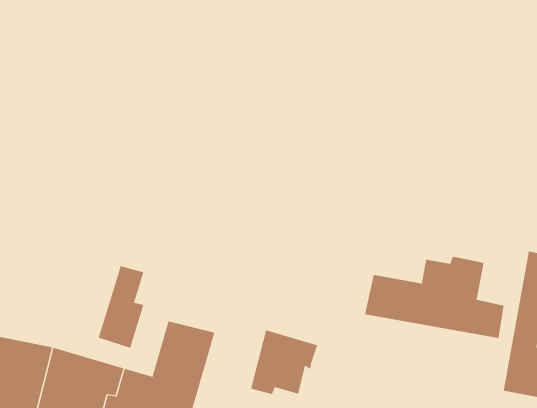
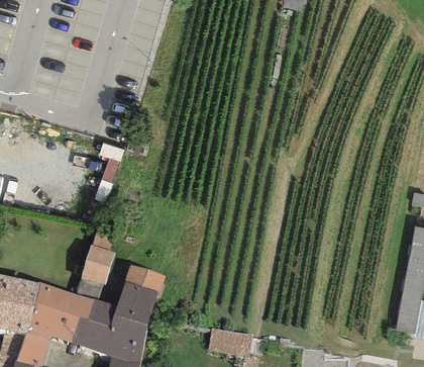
building: [365,256,504,339] -> none
building: [251,329,318,395] -> none

